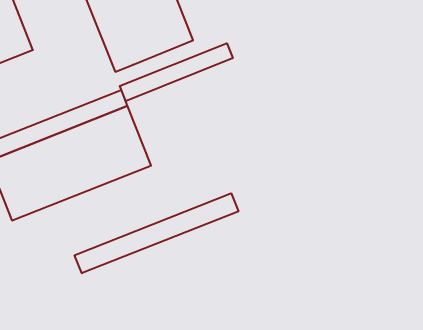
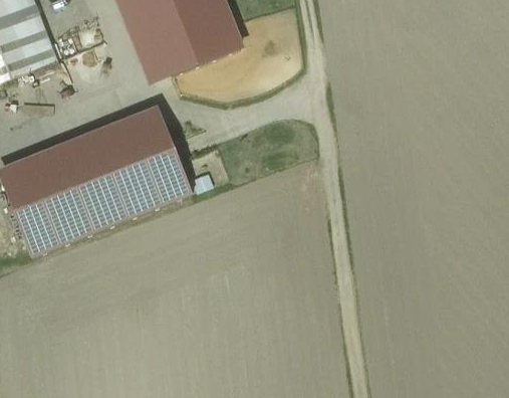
building: [120,43,233,101] -> none
building: [75,193,238,273] -> none

